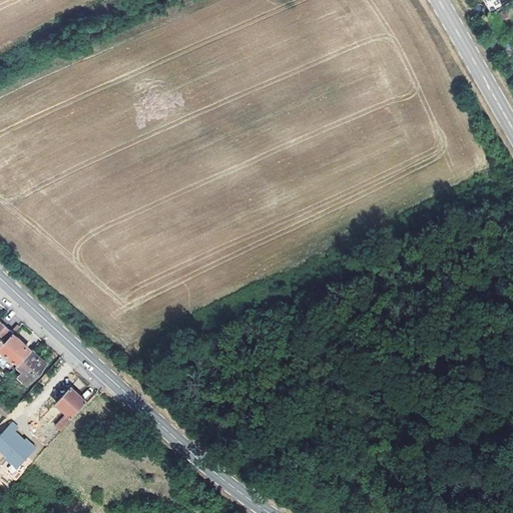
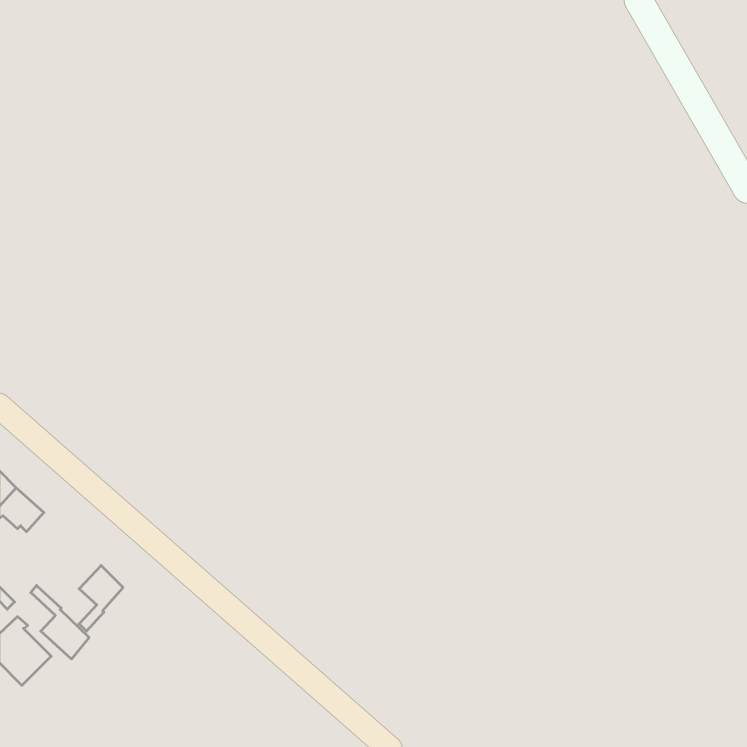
building: [16,352,45,386] -> none
building: none -> [31,585,89,659]

